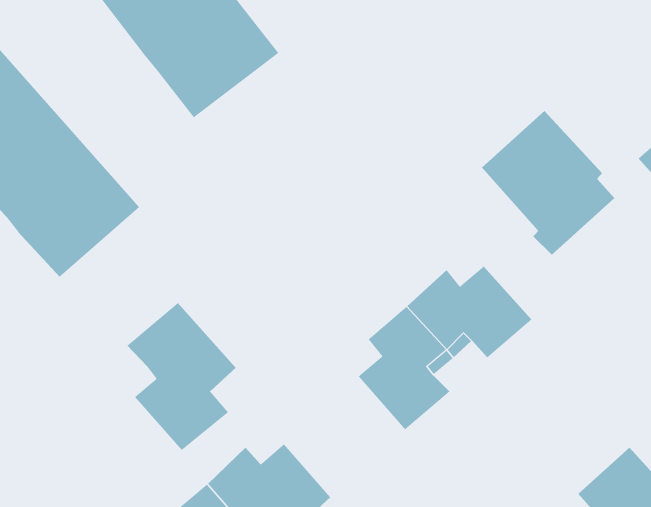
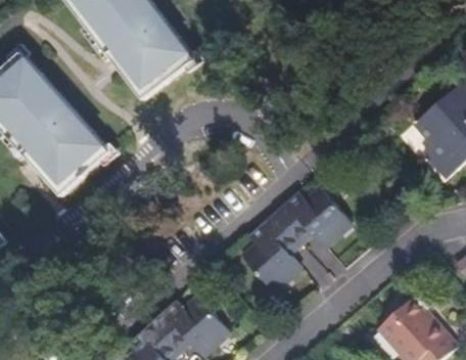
building: [481,110,615,256] -> none
building: [126,302,237,451] -> none

